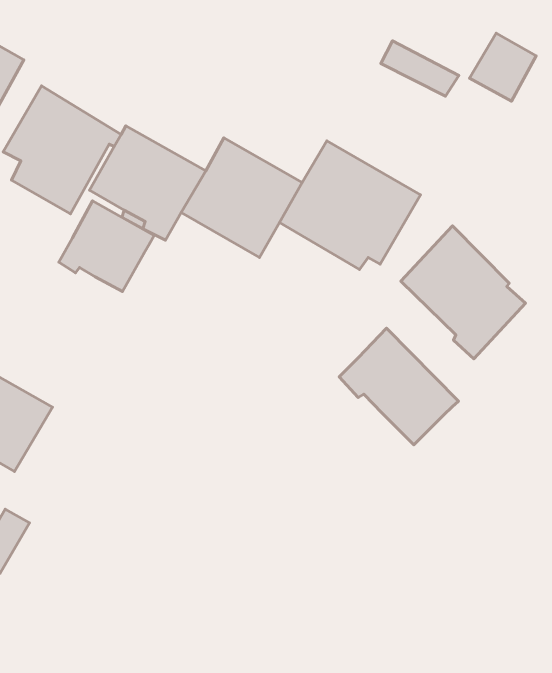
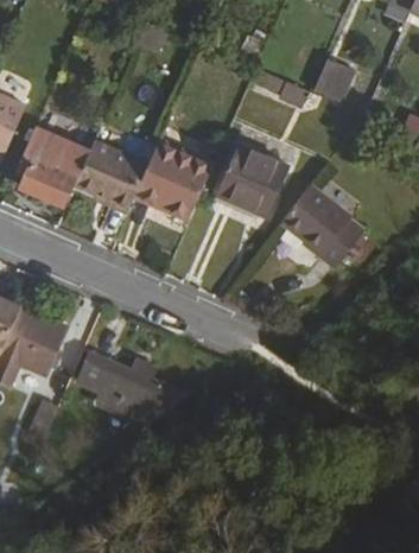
building: [59,201,154,292] -> none
building: [339,328,458,445] -> none
building: none -> [76,351,185,422]

